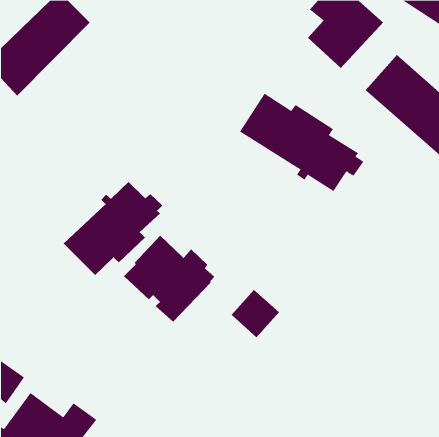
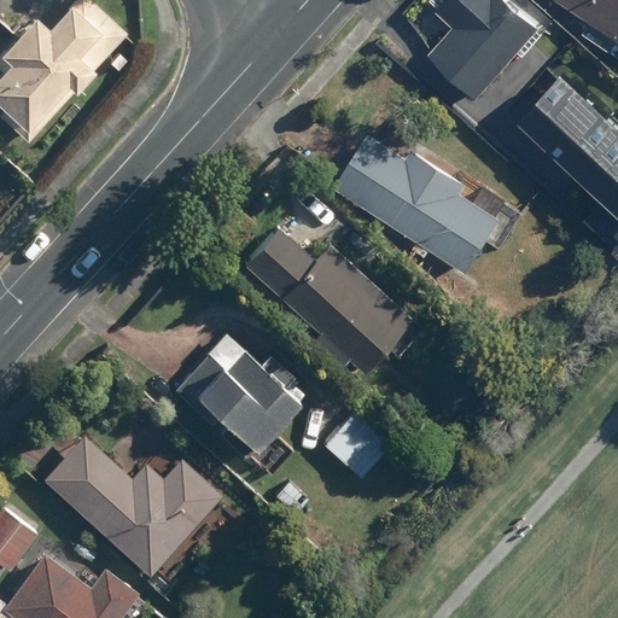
building: none -> [245,229,409,372]
building: [63,181,163,276] -> none
building: none -> [43,435,221,573]

